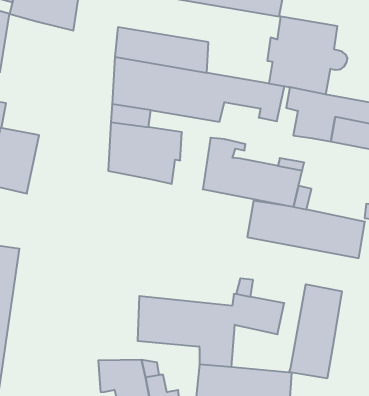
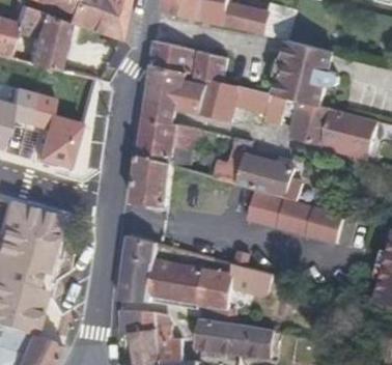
building: none -> [133,156,173,207]
building: none -> [119,235,158,301]
building: [289,284,342,378] -> none

